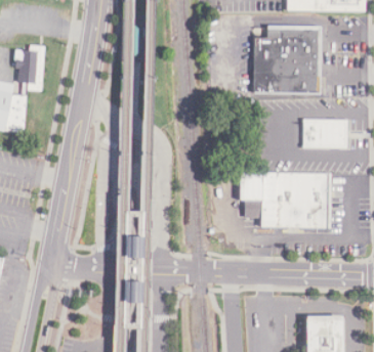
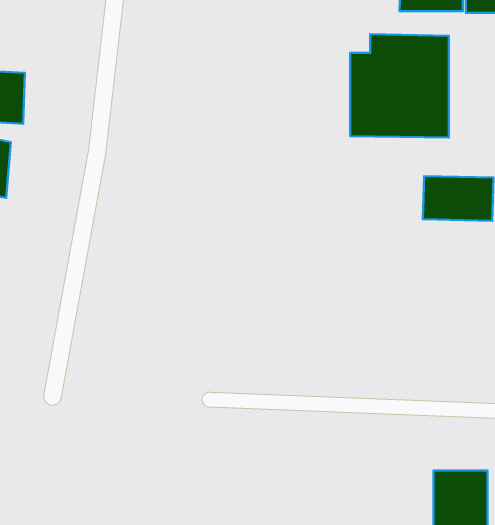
building: [237,171,328,227] -> none

